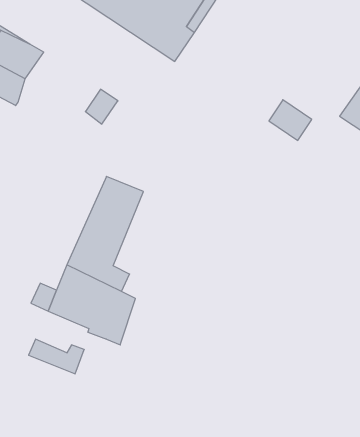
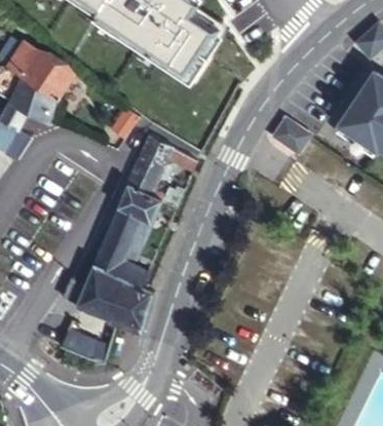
building: none -> [125,138,195,207]

